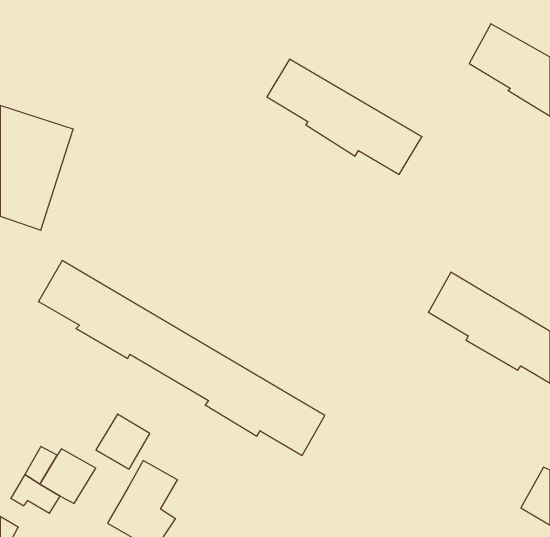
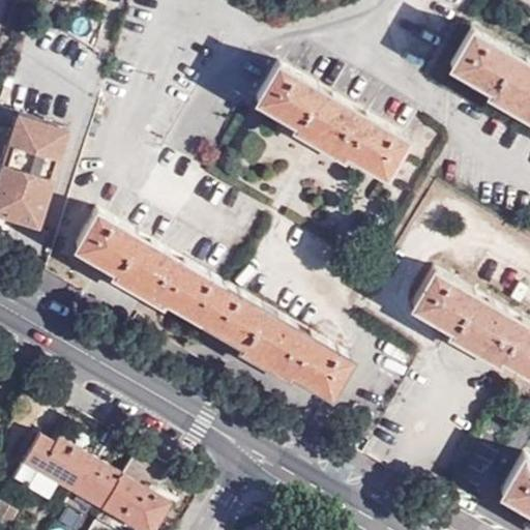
building: [38,261,325,455] -> [77,214,352,402]
building: [96,414,150,469] -> [71,463,123,516]

